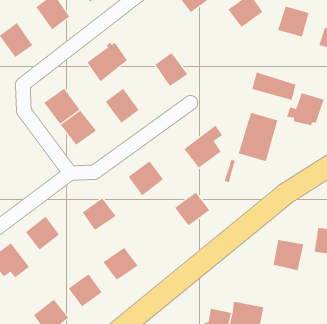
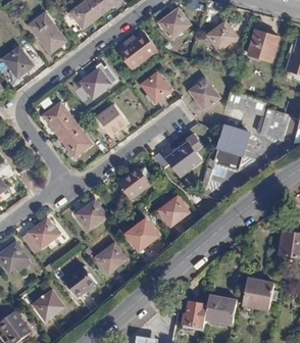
building: none -> [119,34,156,68]
building: none -> [187,82,217,112]
building: none -> [126,220,157,251]
building: [273,240,304,271] -> [245,277,272,304]

